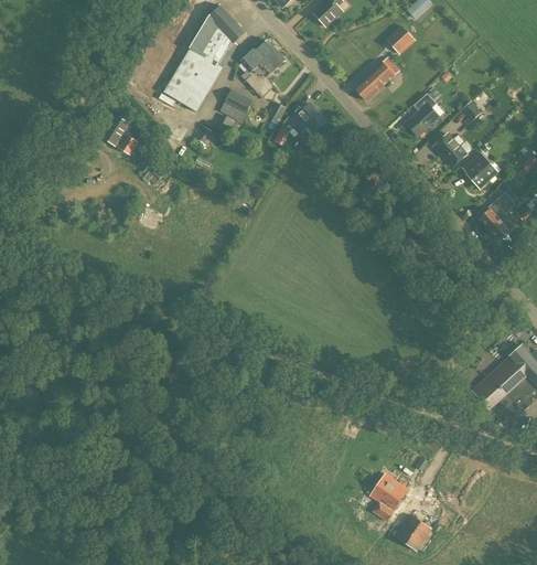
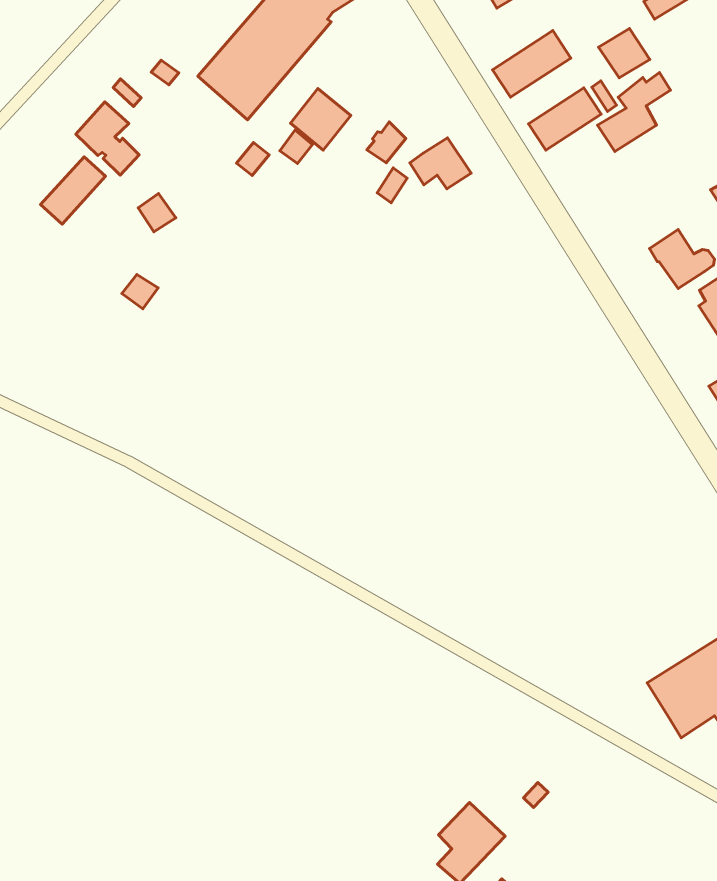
building: none -> [493,31,571,97]
building: [239,40,284,96] -> none
building: [405,87,442,136] -> [598,73,670,152]
building: none -> [41,157,106,224]

